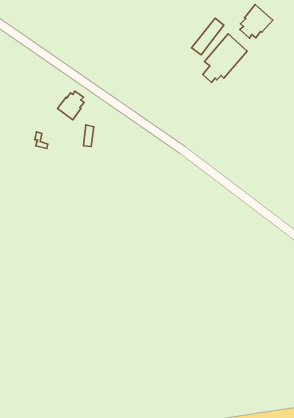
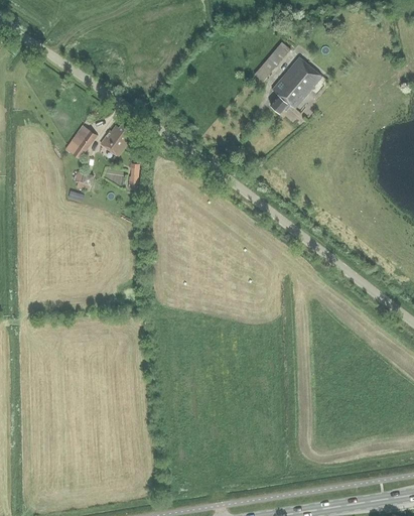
building: [240,5,273,38] -> none
building: none -> [71,125,96,153]

